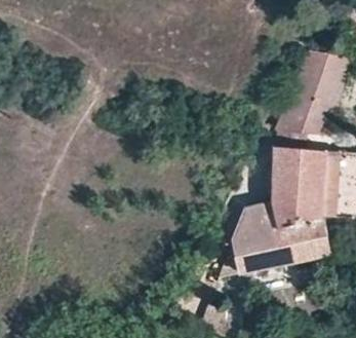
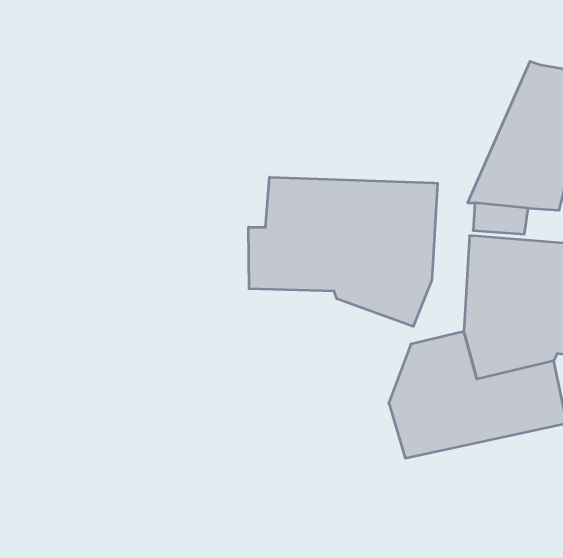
building: none -> [249,177,438,326]

